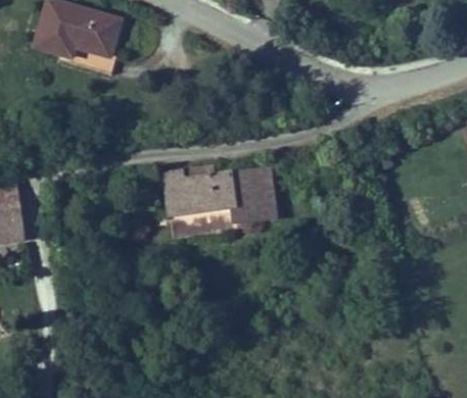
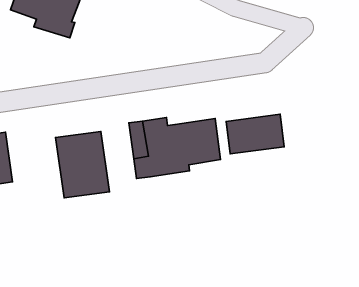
building: none -> [226,114,284,154]
building: none -> [55,131,110,198]

